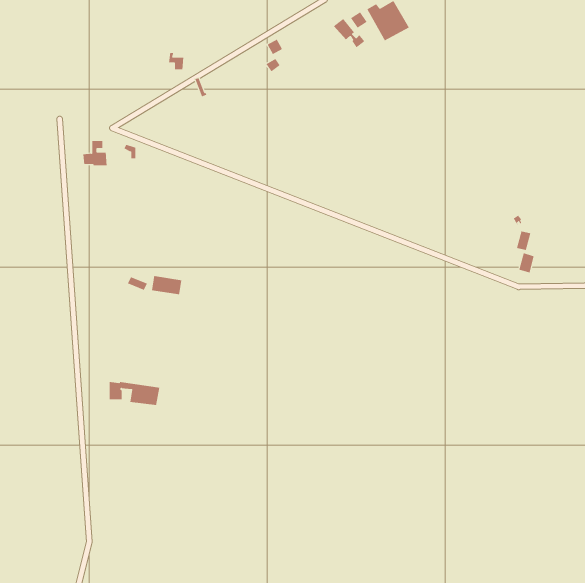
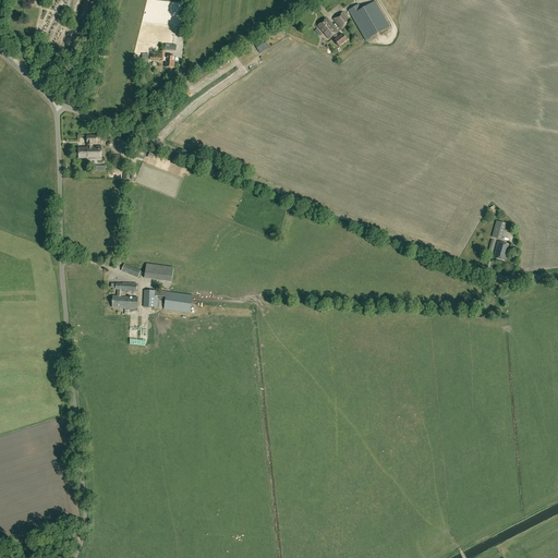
building: none -> [112,282,137,308]
building: [109,382,160,406] -> [144,289,193,312]

